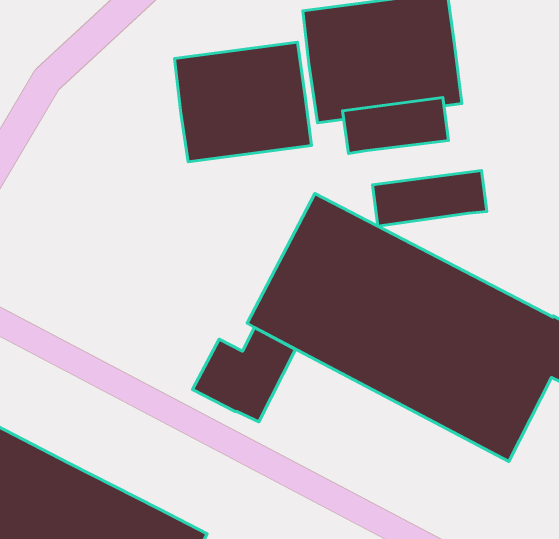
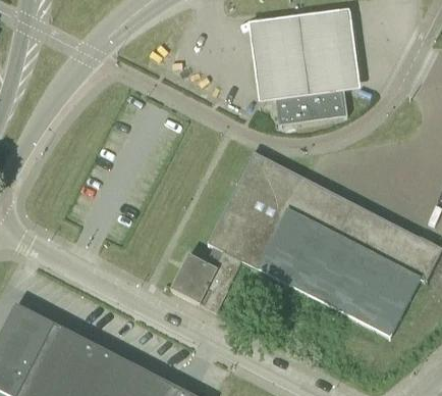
building: [175,42,311,162] -> none
building: [372,170,487,226] -> none

